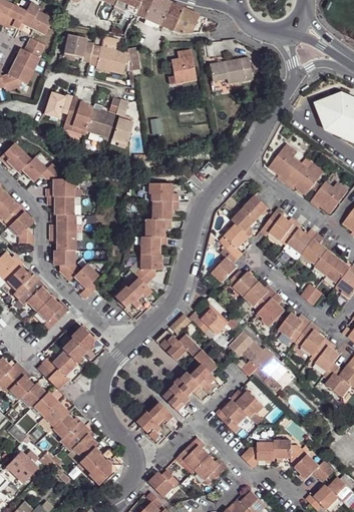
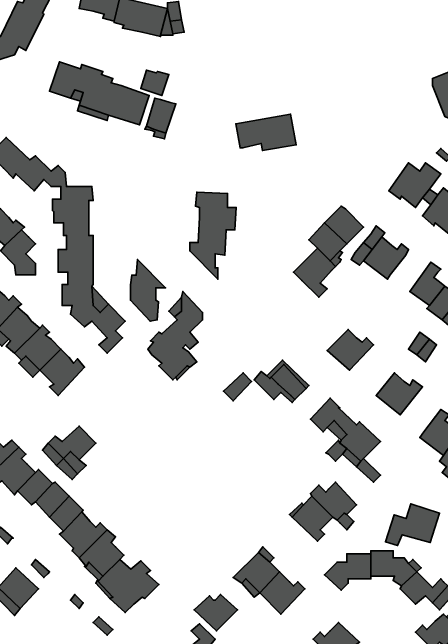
building: [171,50,197,83] -> none
building: [210,57,253,83] -> [236,114,296,151]
building: [269,143,301,182] -> none
building: [139,225,164,270] -> [131,260,166,321]
building: [288,228,317,254] -> none
building: [212,246,237,282] -> none
building: [228,270,258,297] -> none
building: [257,293,284,327] -> none
building: [295,323,324,355] -> none
building: [62,326,105,363] -> none
building: [154,332,221,419] -> none
building: [138,402,174,445] -> none
building: none -> [385,504,440,546]

